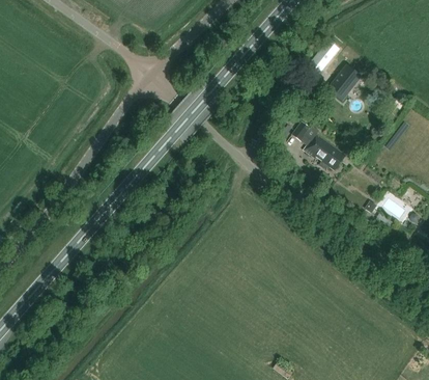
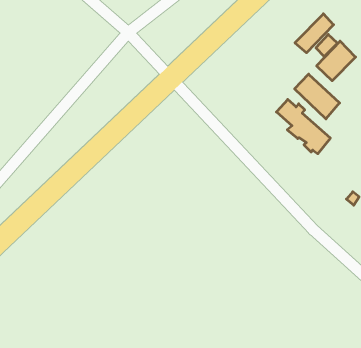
building: none -> [295,74,340,119]

